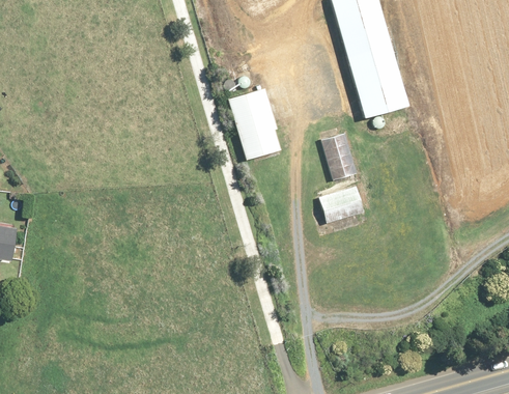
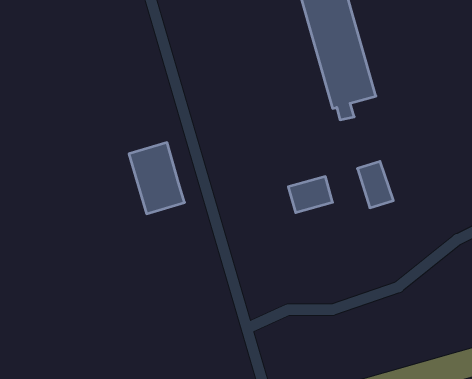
building: [228,87,284,159] -> [129,143,185,214]
building: [321,133,358,179] -> [357,161,393,208]

